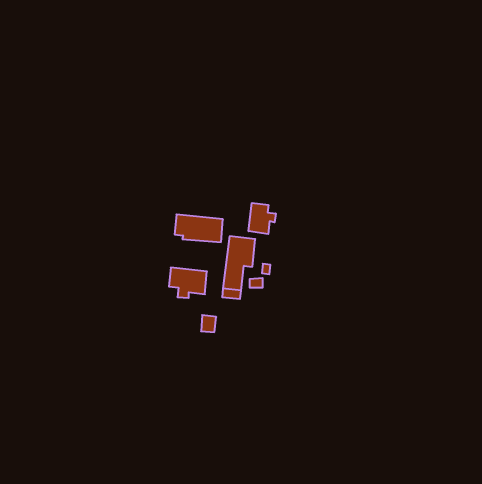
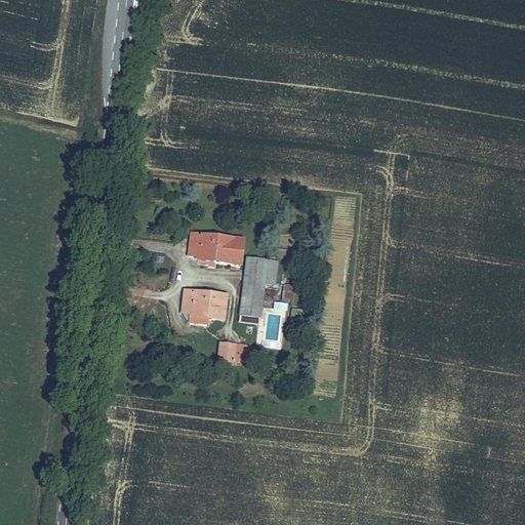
building: [249,203,276,234] -> none

